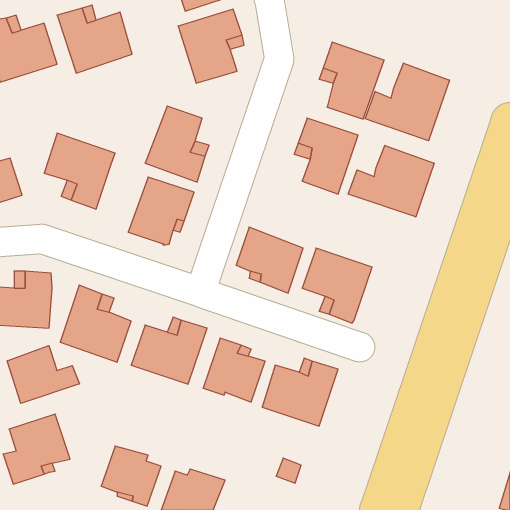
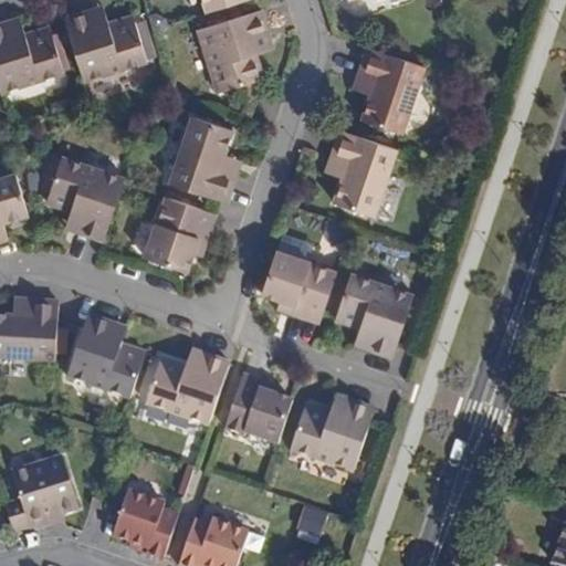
building: [365,63,450,141] -> none
building: [348,145,434,217] -> none
building: [7,346,79,403] -> none

